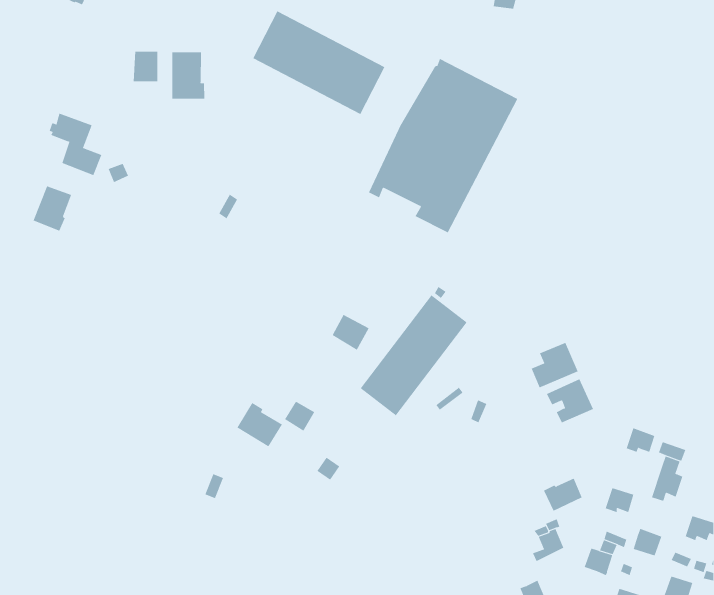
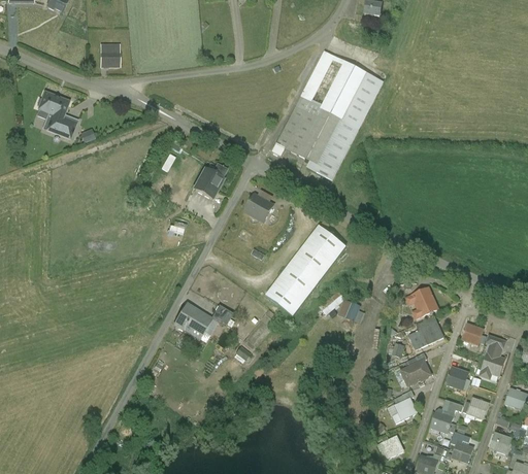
building: [252,11,385,115] -> none
building: [172,51,205,100] -> none
building: [33,186,72,231] -> none
building: none -> [195,164,226,197]
building: [332,314,370,351] -> [245,194,273,221]
building: [531,342,578,388] -> [408,315,443,349]

